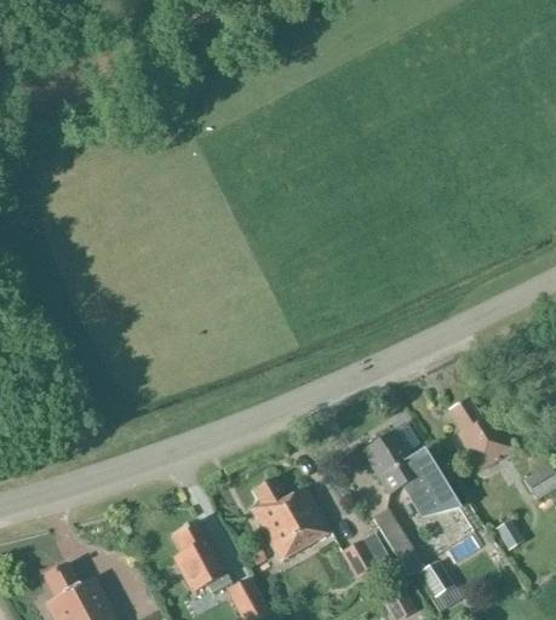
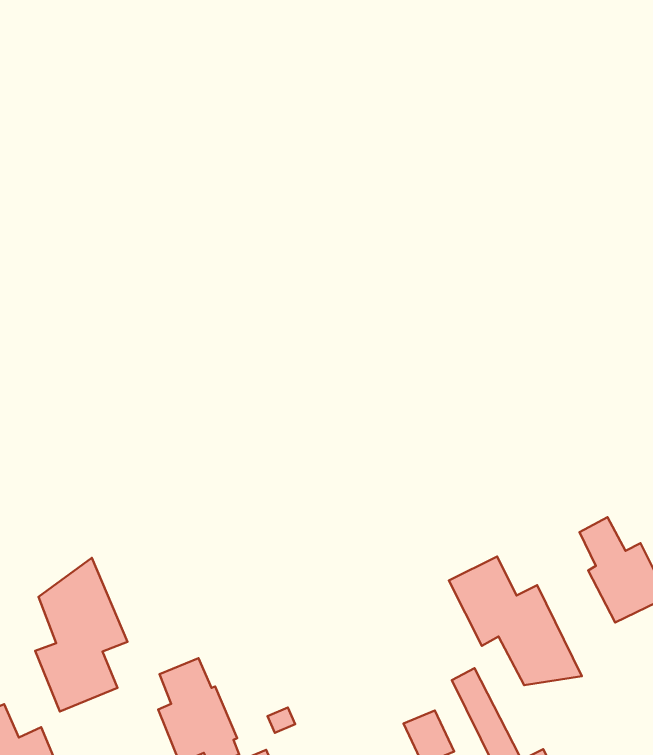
building: none -> [35,558,127,712]
building: [253,477,331,561] -> none

